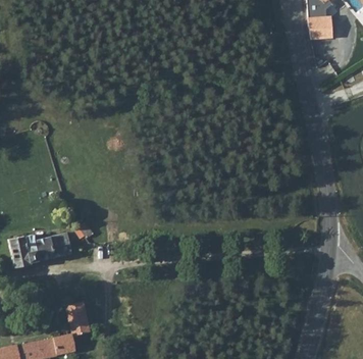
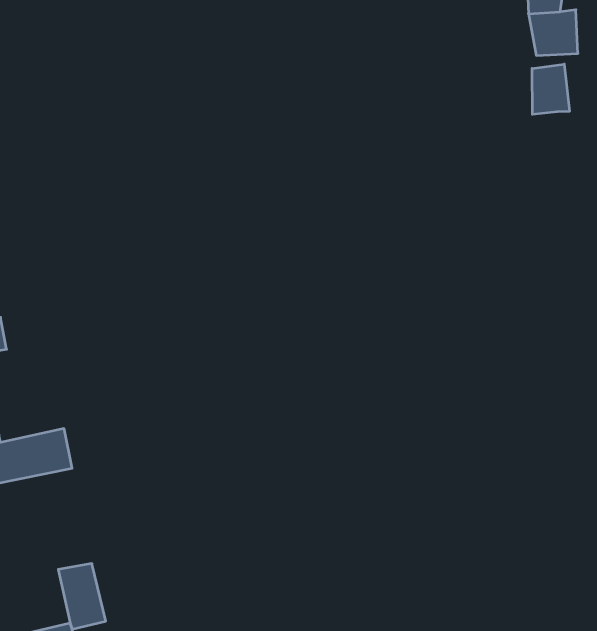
building: none -> [532,64,569,114]

